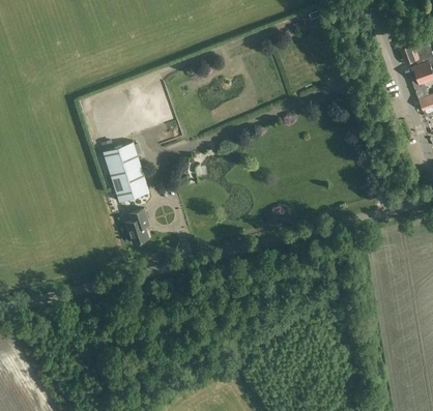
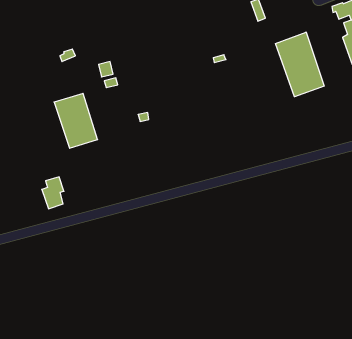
building: none -> [275,32,324,97]
building: [124,210,148,244] -> [42,177,64,209]

